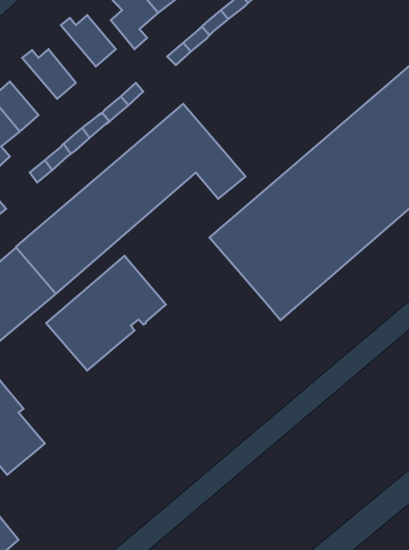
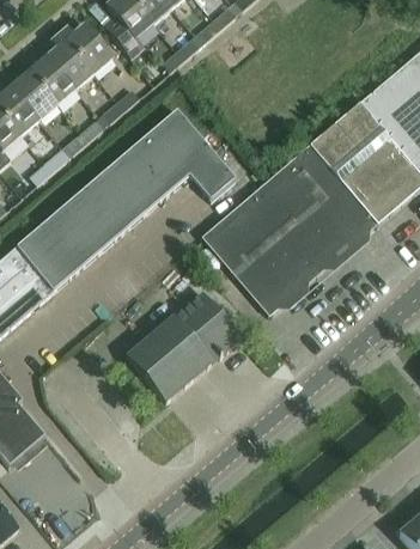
building: none -> [48,33,93,89]
building: none -> [11,65,56,120]
building: [46,256,166,371] -> [127,291,242,401]

